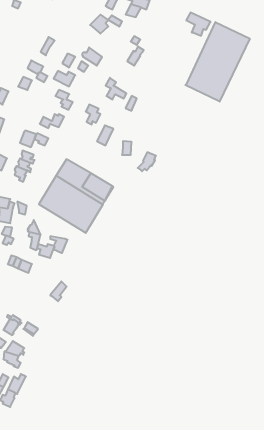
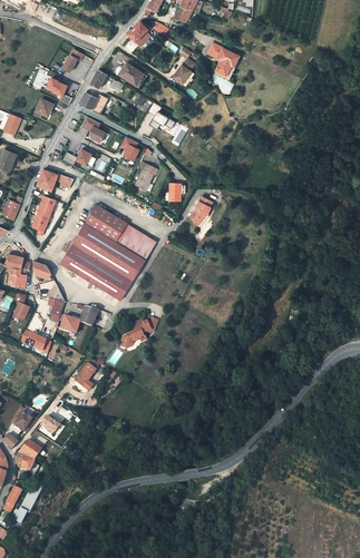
building: [186,12,211,36] -> [207,46,239,76]
building: [185,22,250,102] -> none
building: none -> [119,317,157,347]

